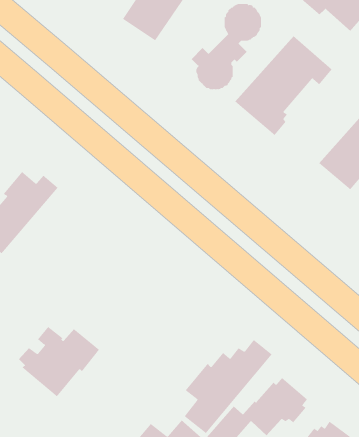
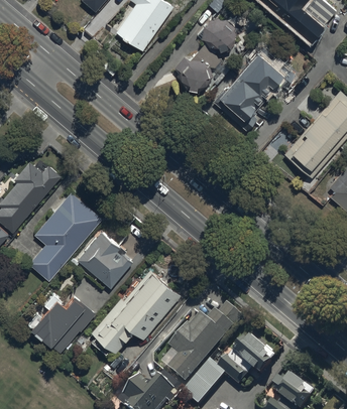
building: none -> [28,191,101,281]
building: none -> [76,230,133,289]
building: none -> [90,269,181,355]

